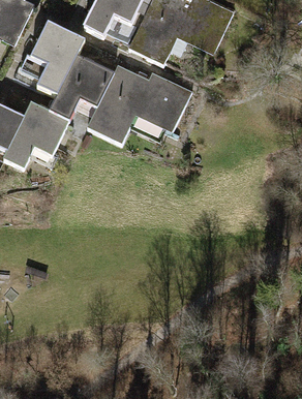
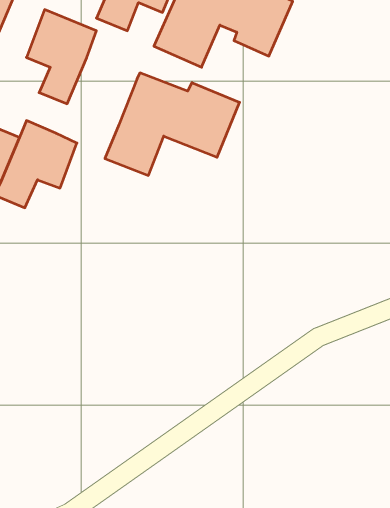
building: [55,57,115,120] -> none

